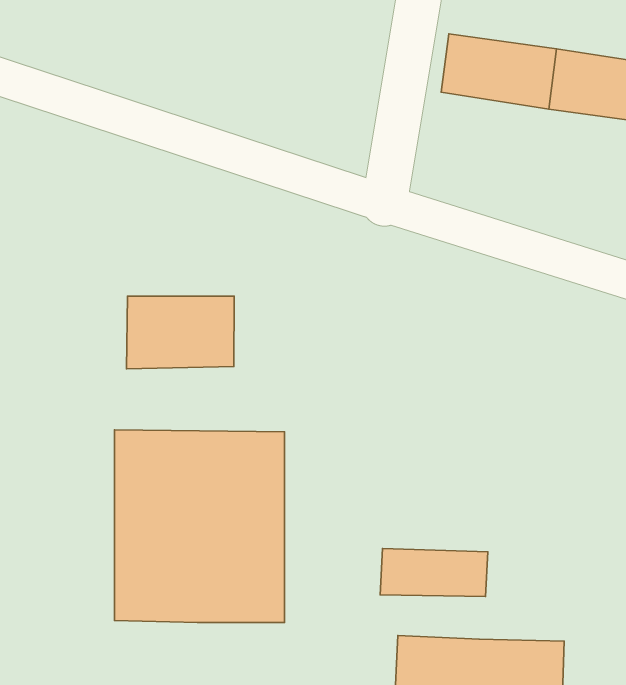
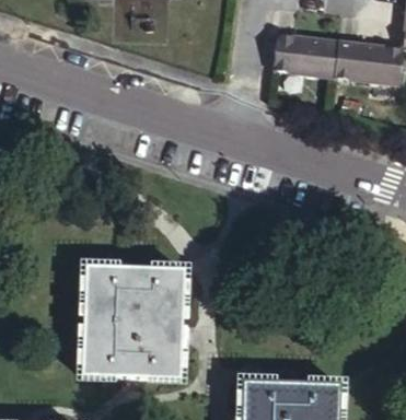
building: [127,296,234,369] -> none
building: [380,548,488,597] -> none

